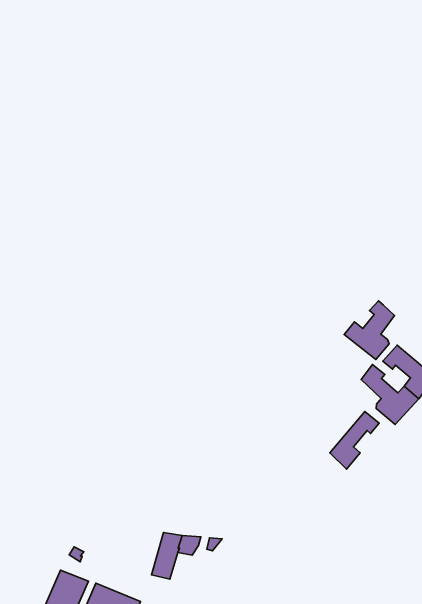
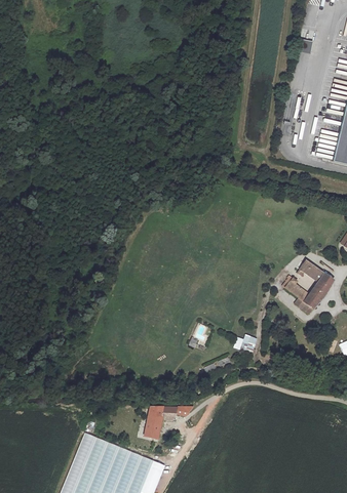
building: [344,301,395,360] -> none
building: [330,412,379,469] -> none

